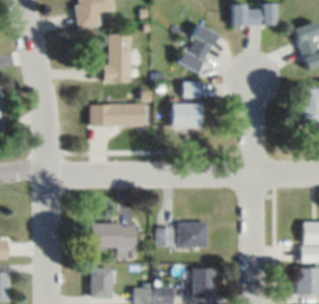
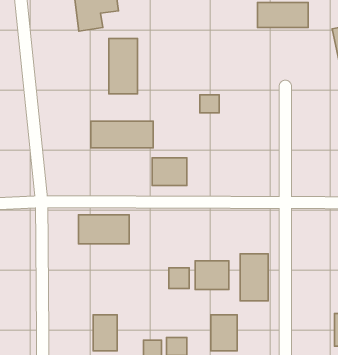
building: [177,23,217,72] -> none
building: [172,104,202,127] -> [152,158,187,186]
building: none -> [240,254,268,301]
building: [93,224,136,248] -> [79,215,129,244]

